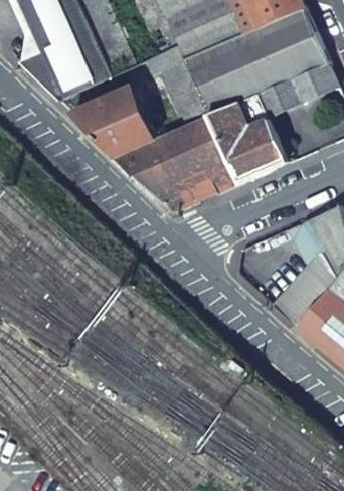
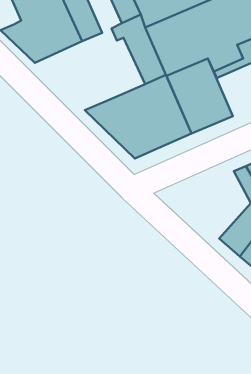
building: [72,88,156,156] -> none

